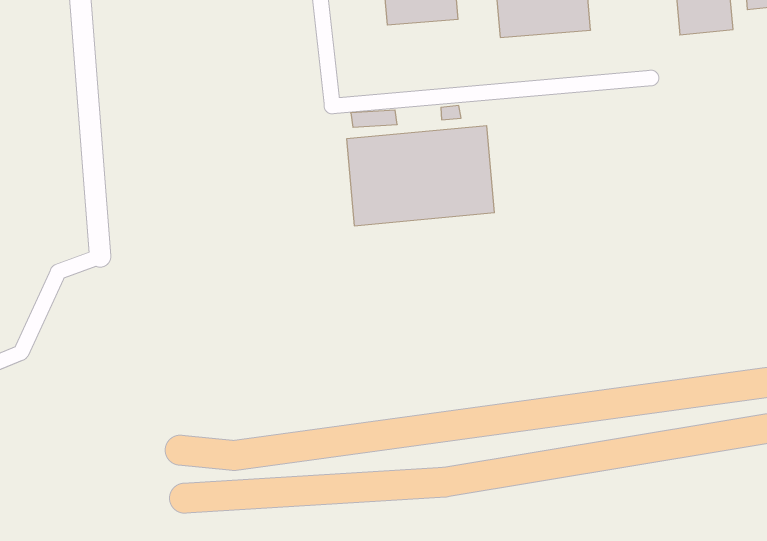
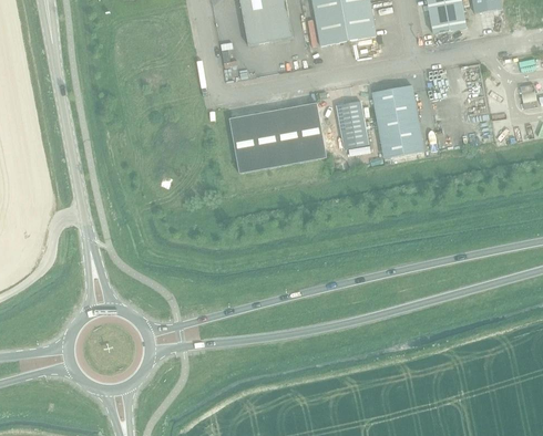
building: none -> [371,84,422,157]
building: none -> [336,101,367,148]

